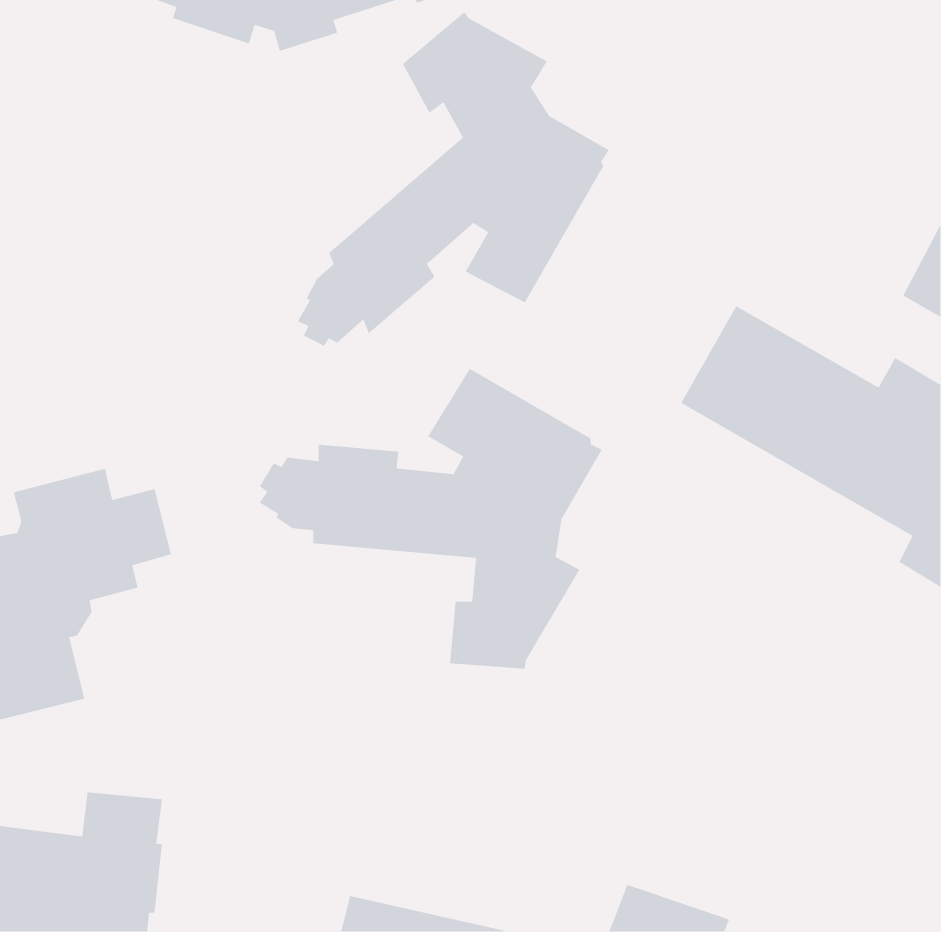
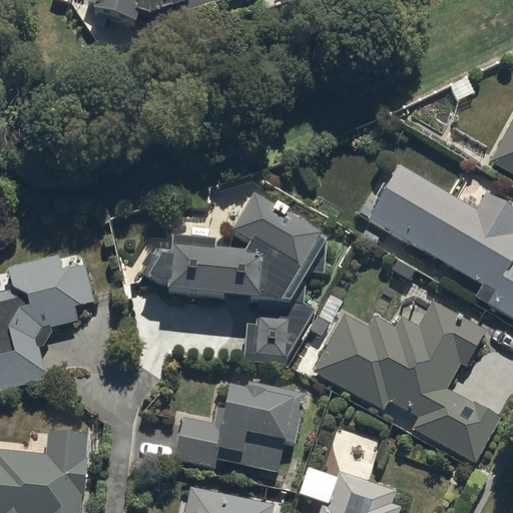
building: [297,11,610,347] -> none
building: none -> [312,300,497,460]
building: none -> [172,382,306,473]

